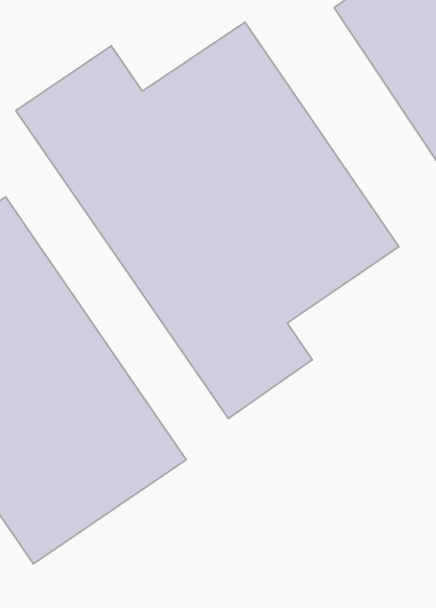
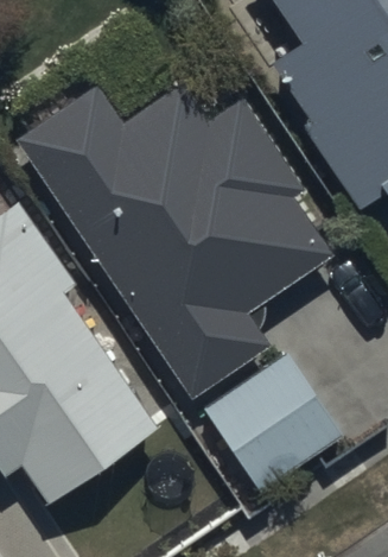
building: none -> [203,359,336,490]

